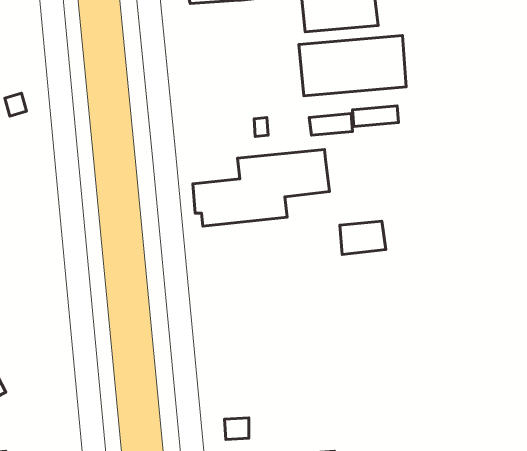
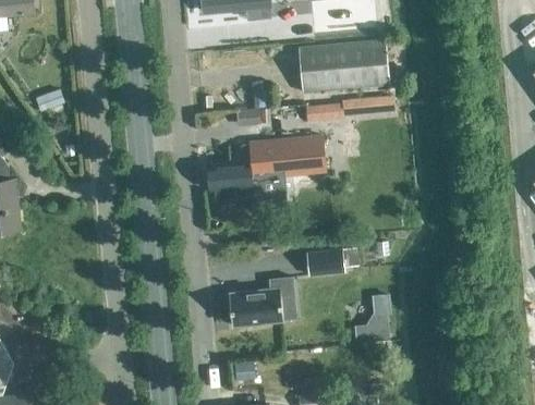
building: [340,221,386,255] -> [306,248,345,277]
building: none -> [229,278,294,327]
building: none -> [355,314,390,342]

